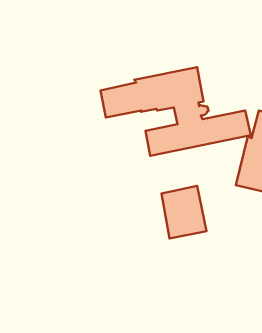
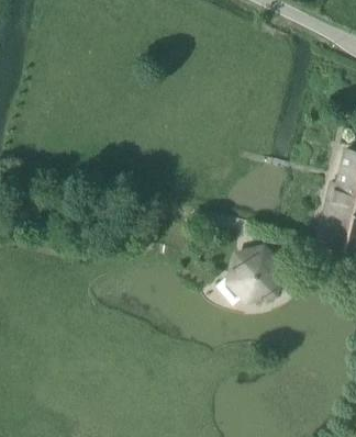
building: [100,67,251,156] -> none

